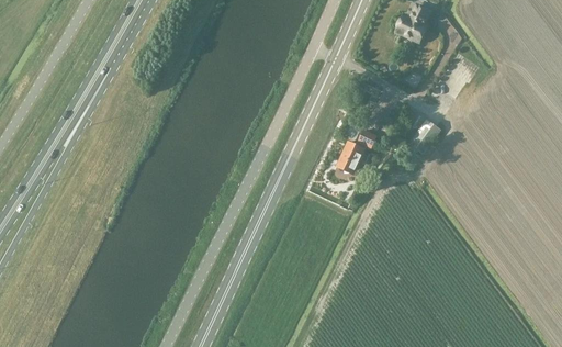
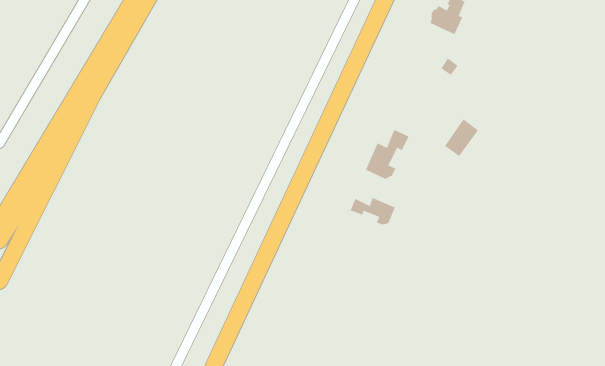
building: none -> [350,197,395,225]

